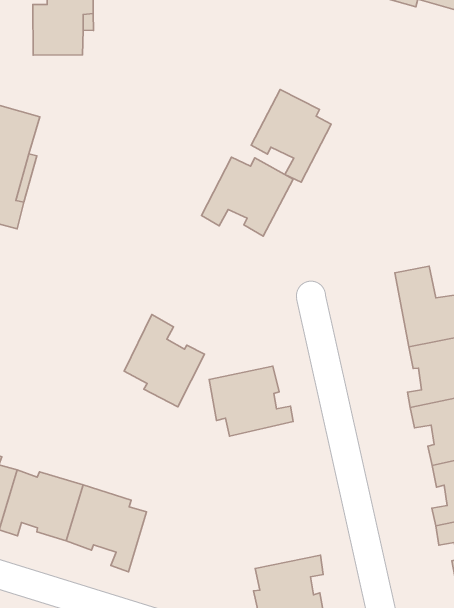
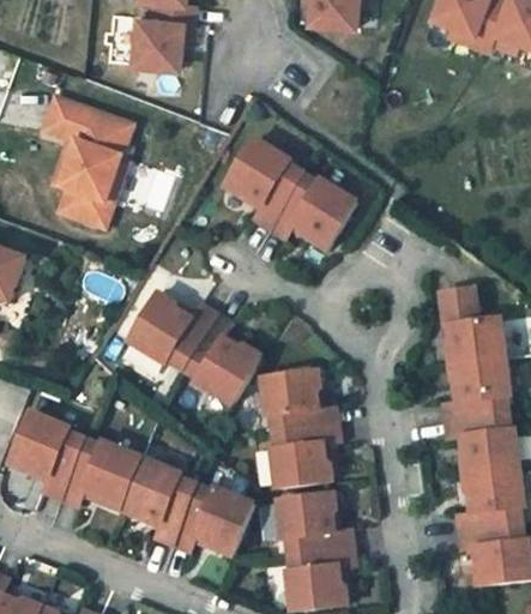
building: [251,90,331,182] -> [225,137,301,224]
building: none -> [131,289,215,362]
building: none -> [271,422,339,488]
building: none -> [278,493,351,555]
building: none -> [173,494,252,562]

